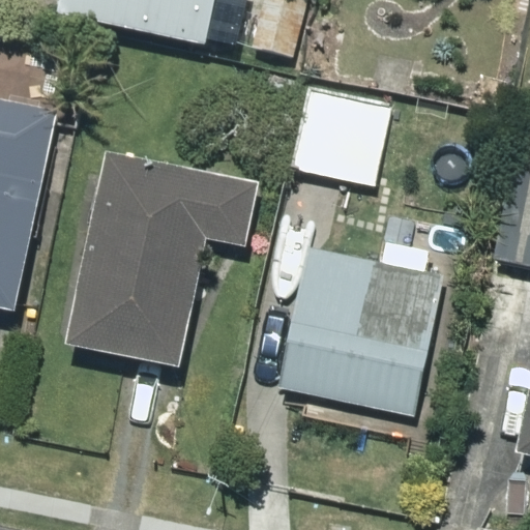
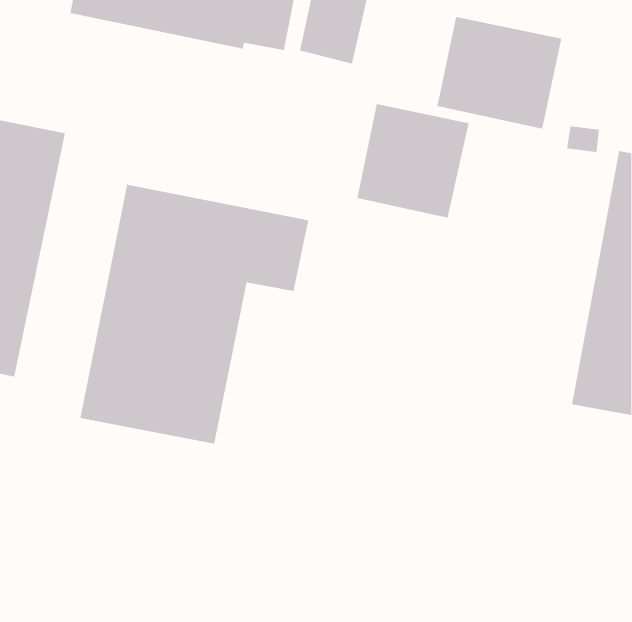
building: none -> [436,16,562,130]
building: [277,239,443,421] -> none

